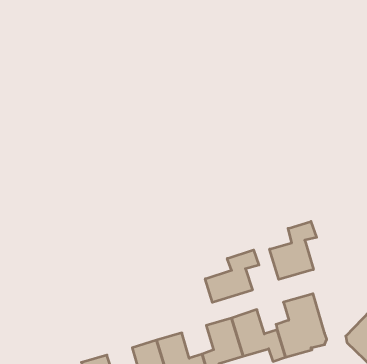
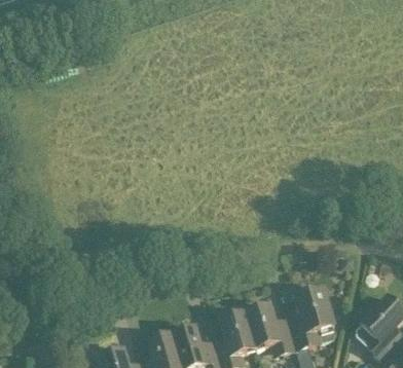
building: [270,221,317,279] -> none
building: [205,250,259,302] -> none

